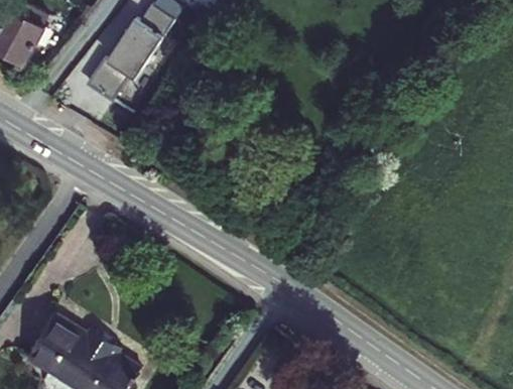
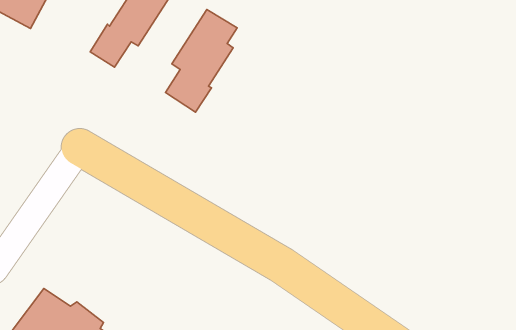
building: none -> [165,9,237,112]

